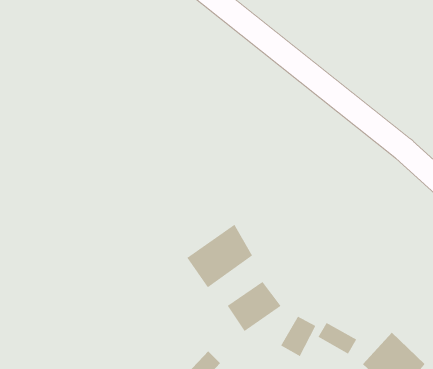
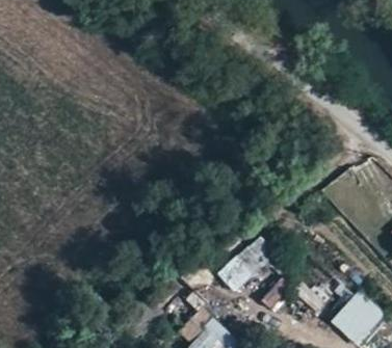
building: [187,224,253,288] -> none

